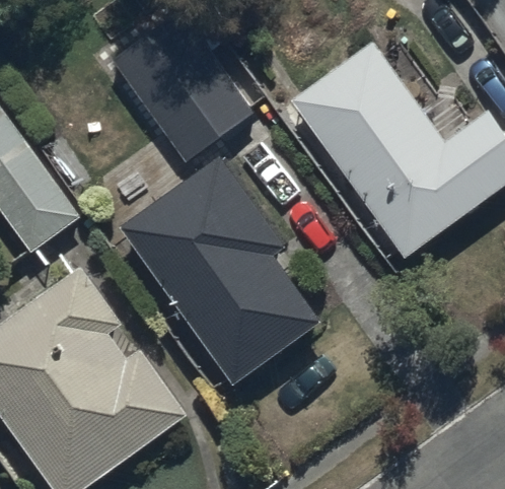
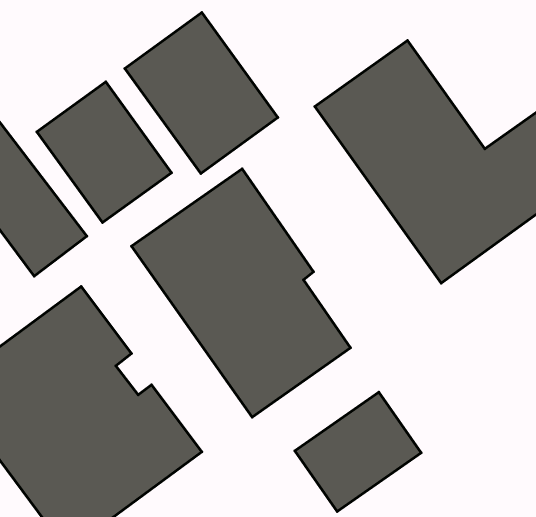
building: none -> [37,82,171,222]
building: none -> [295,392,421,511]

